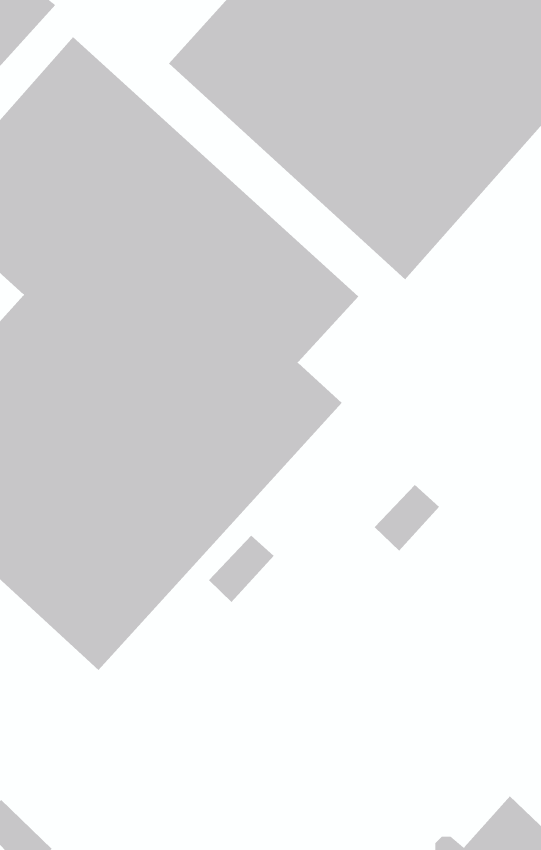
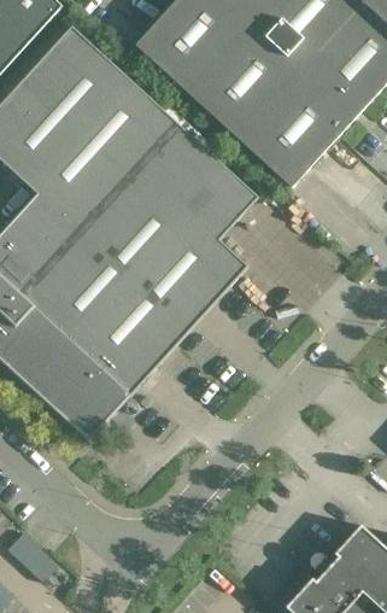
building: [374,484,440,551] -> none
building: [208,535,274,603] -> none

